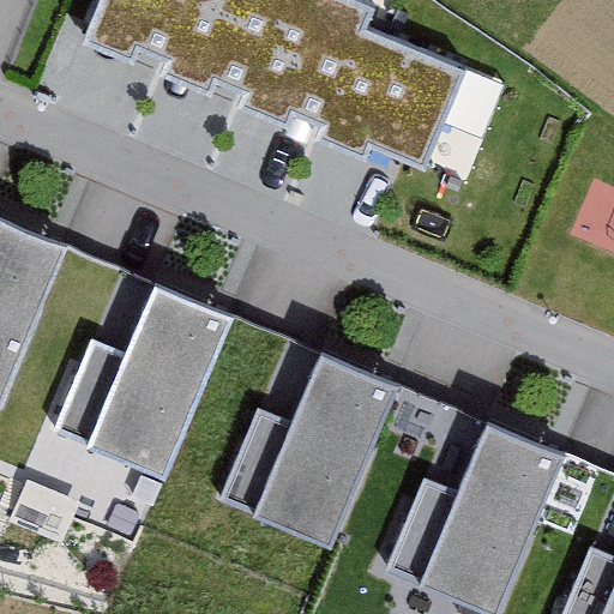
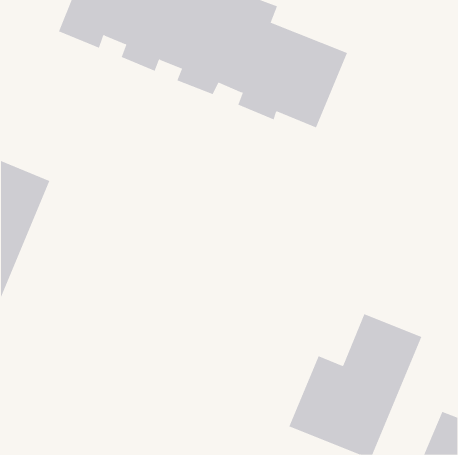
building: [53,281,231,477] -> none
building: [222,349,401,544] -> none

